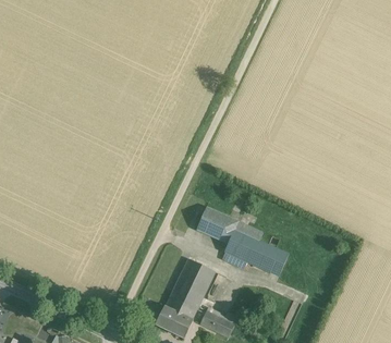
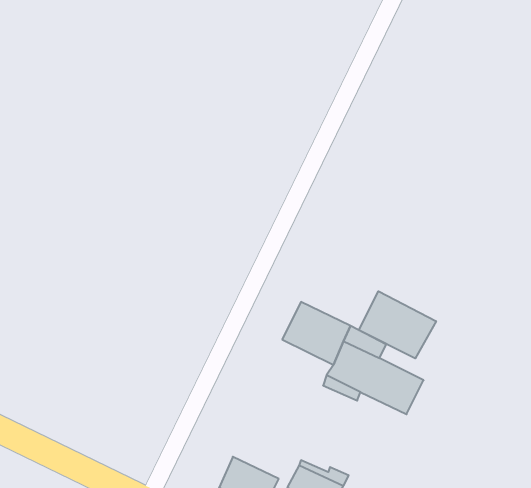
building: none -> [359,291,436,358]
building: [164,258,216,319] -> none

